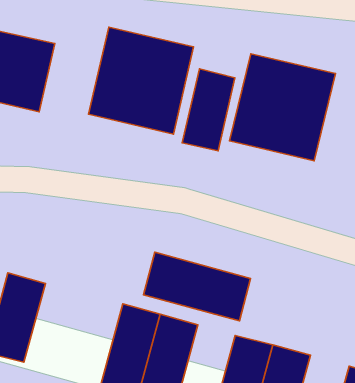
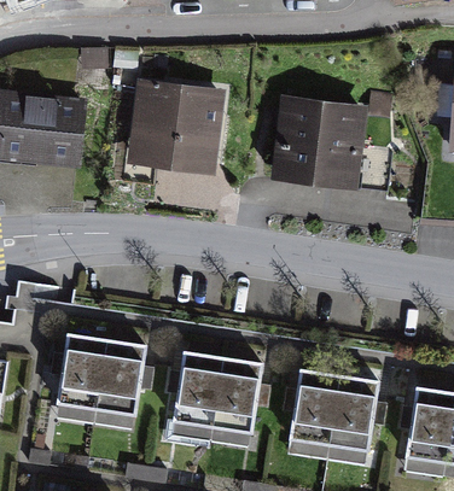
building: [182,69,235,151] -> none
building: [144,252,251,321] -> none
building: none -> [92,340,144,427]

